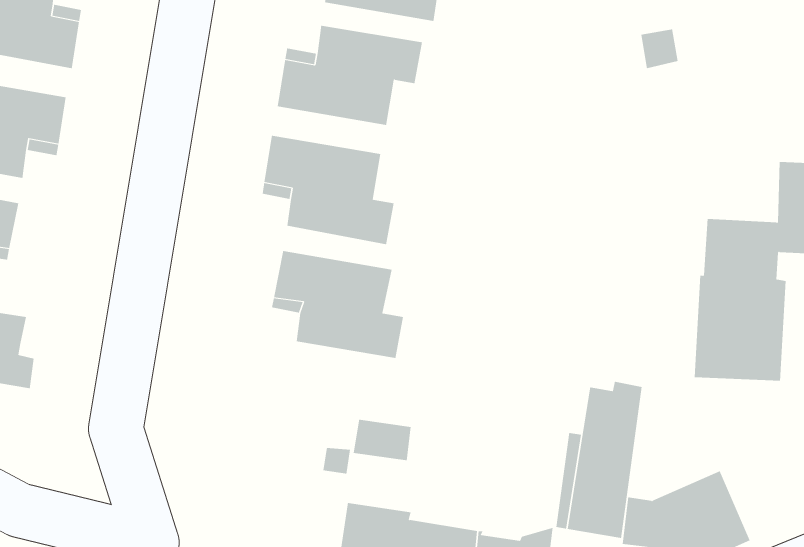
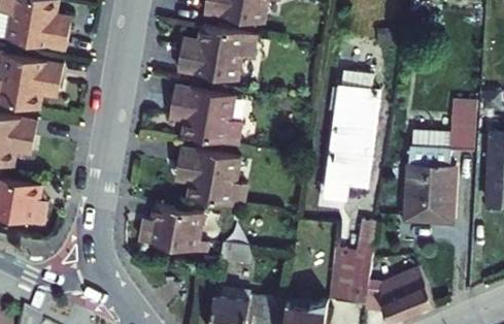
building: none -> [325,69,377,196]
building: none -> [140,203,208,251]

